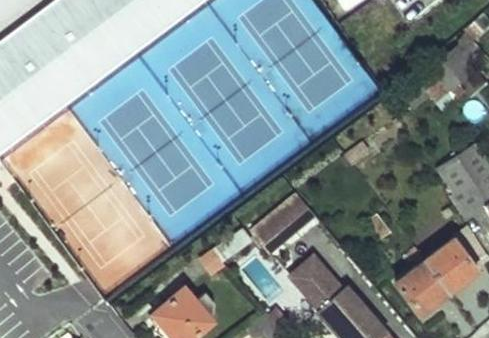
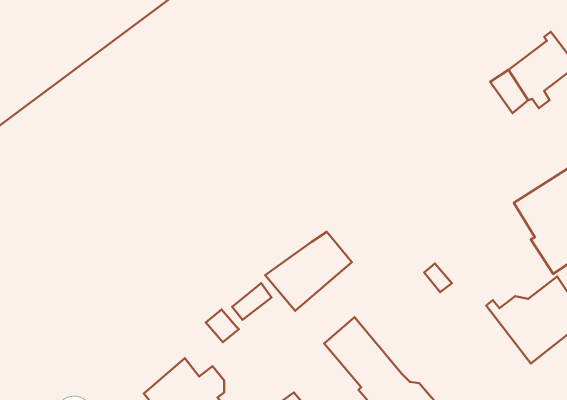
building: [396,246,448,311] -> none

